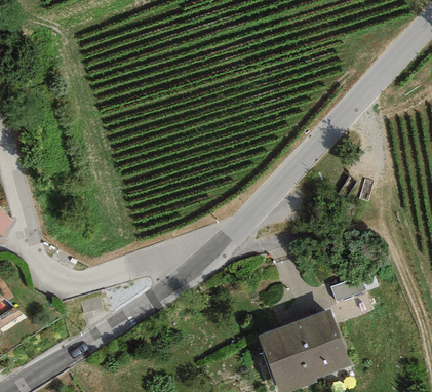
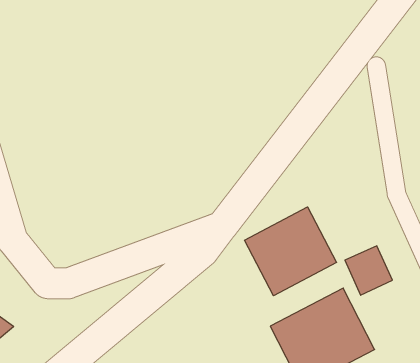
building: none -> [245,207,337,296]

